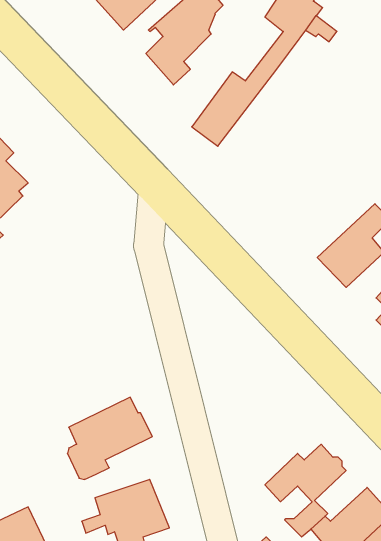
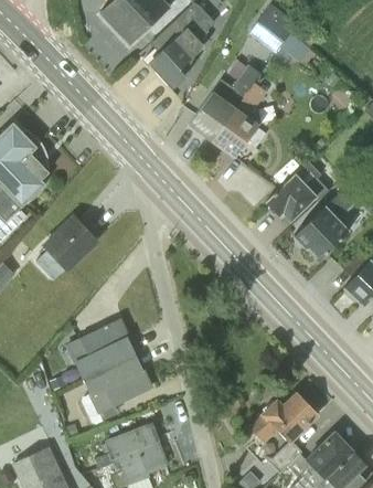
building: none -> [210,76,273,158]
building: none -> [265,160,329,222]
building: none -> [36,220,95,278]
building: none -> [66,318,136,379]

